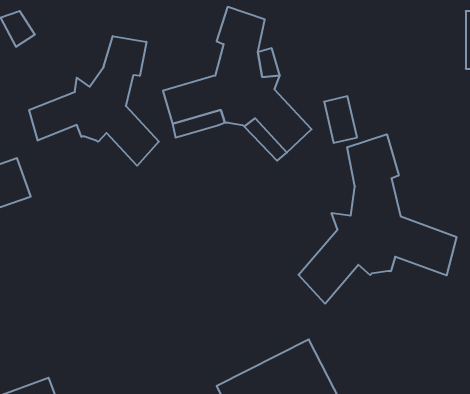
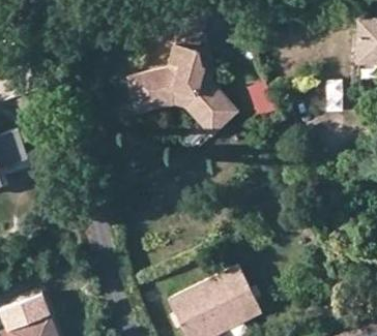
building: [29,36,159,166] -> none
building: [298,134,457,304] -> none

